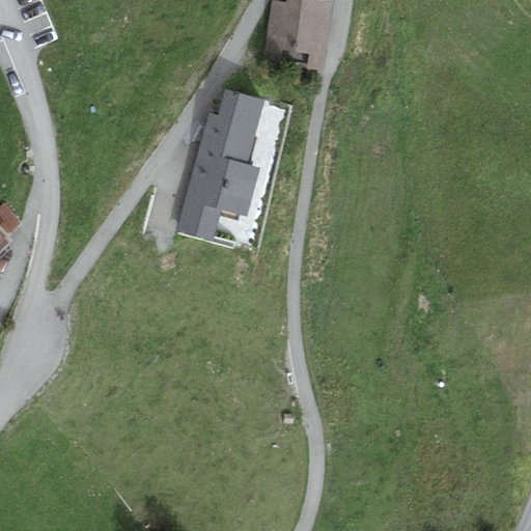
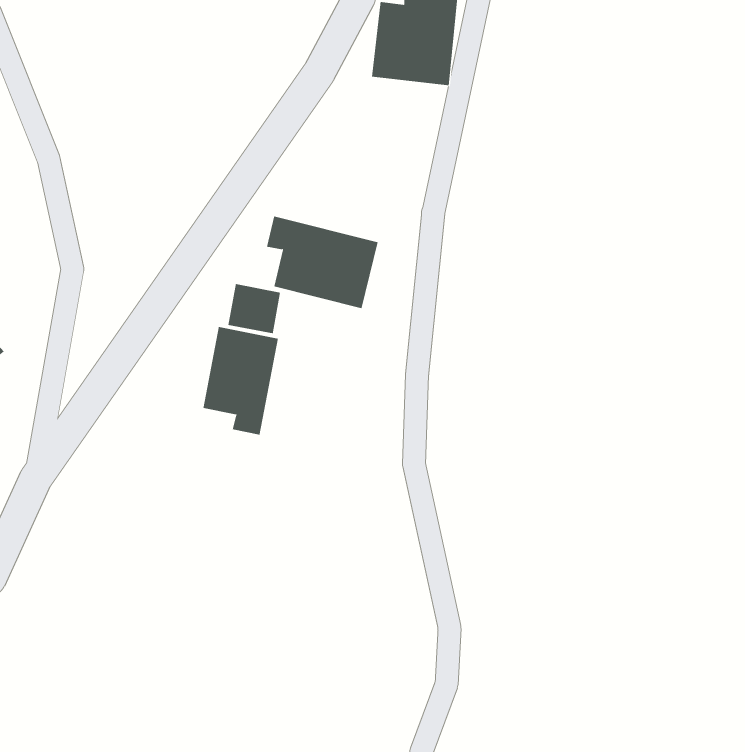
building: [199,91,273,164] -> none
building: none -> [203,326,279,435]

